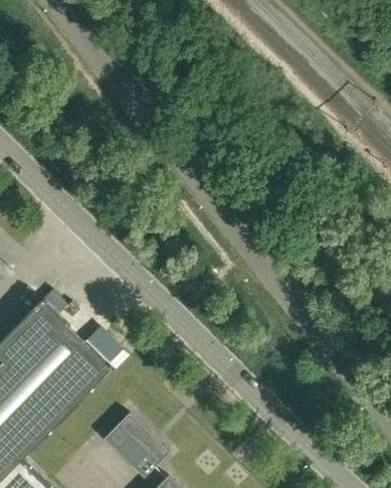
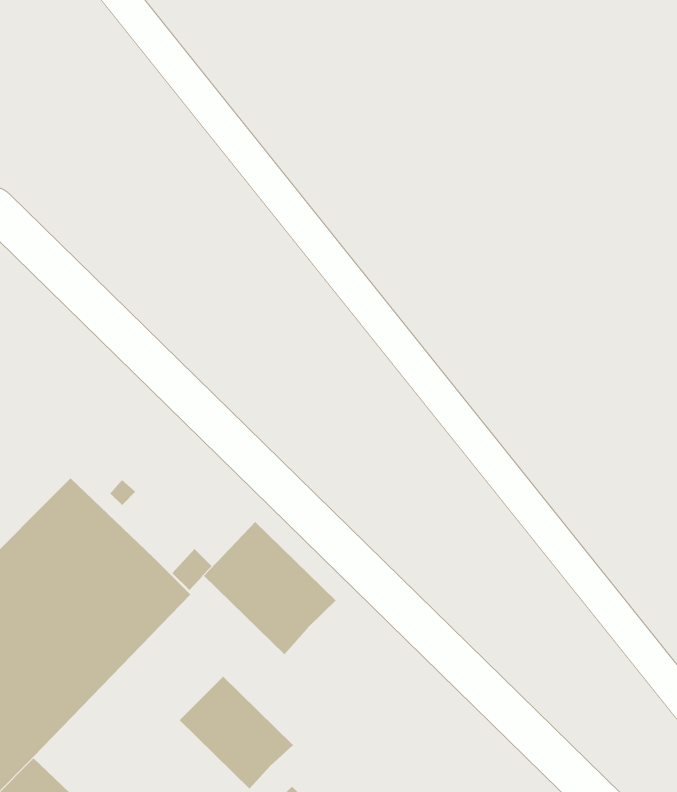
building: none -> [203,521,336,655]

